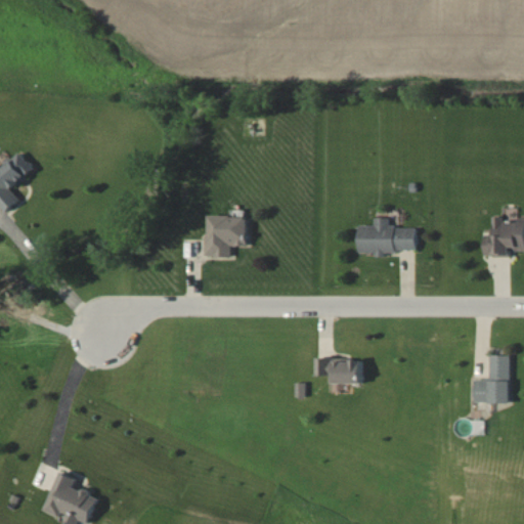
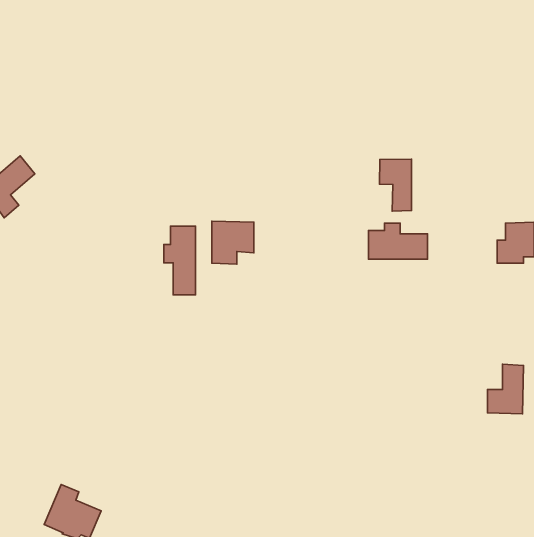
building: none -> [379,159,411,211]
building: none -> [164,226,196,295]
building: [314,360,360,384] -> none

